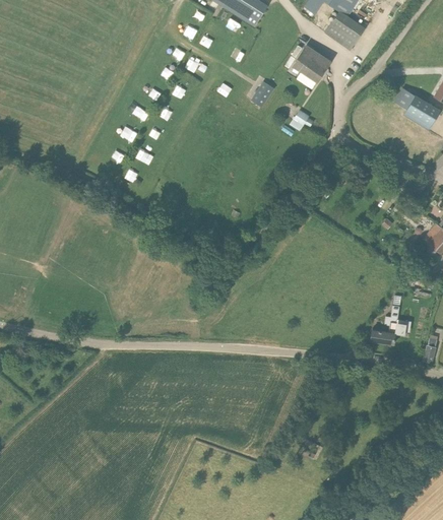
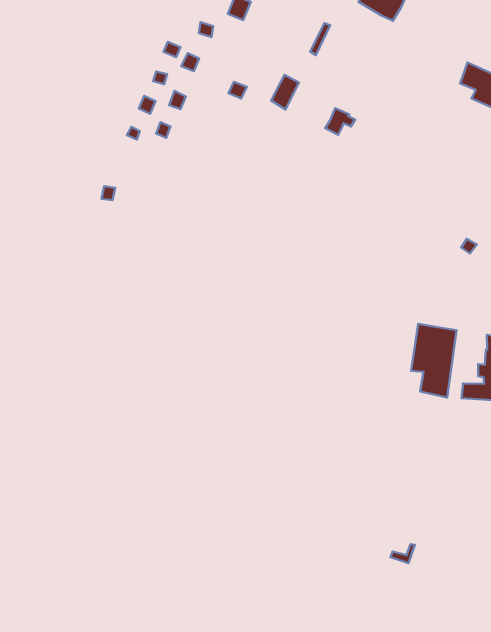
building: [293,46,329,80] -> none
building: none -> [411,324,456,398]

